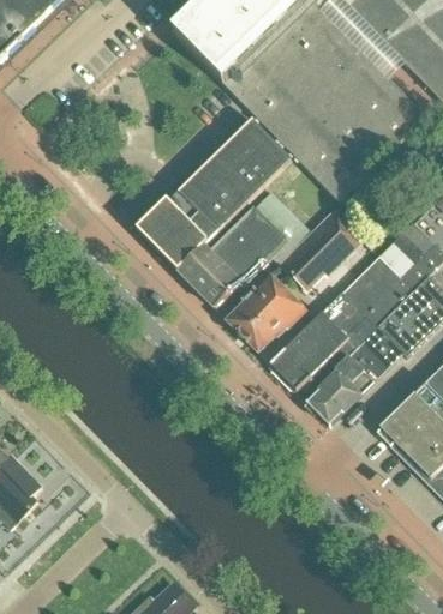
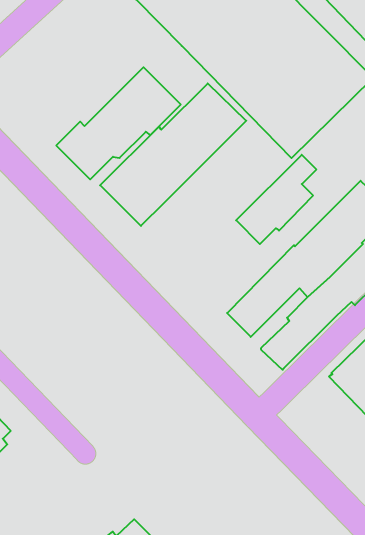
building: [178,186,310,305] -> [56,67,181,179]
building: [227,273,303,348] -> none

